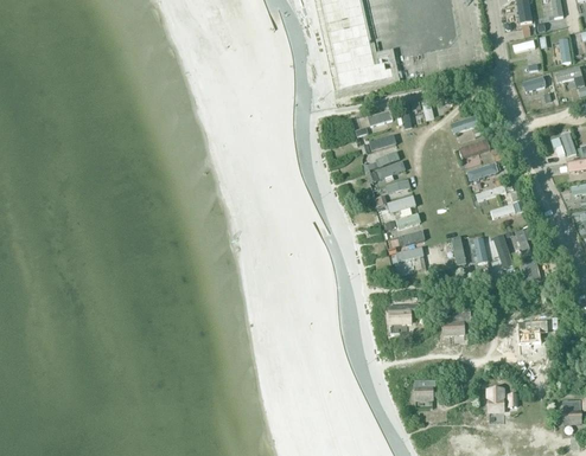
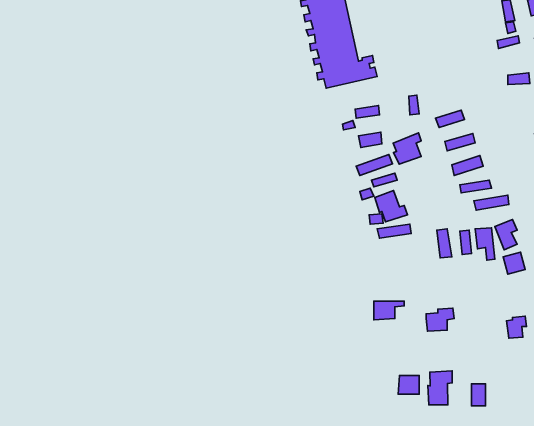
building: none -> [393,133,421,164]
building: [397,246,425,271] -> none
building: none -> [428,371,452,405]

